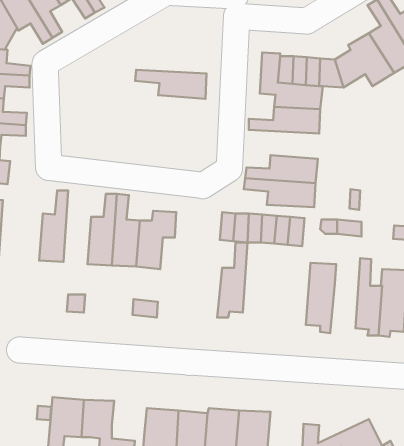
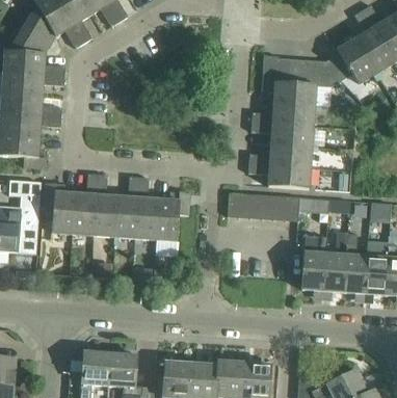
building: [135,70,207,99] -> [250,122,312,147]
building: none -> [92,174,116,237]
building: none -> [43,182,75,234]
building: [217,242,248,317] -> [321,232,347,296]

